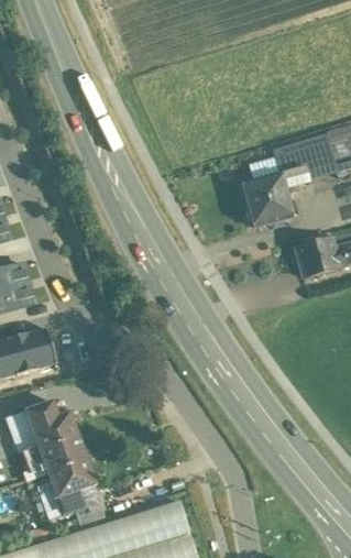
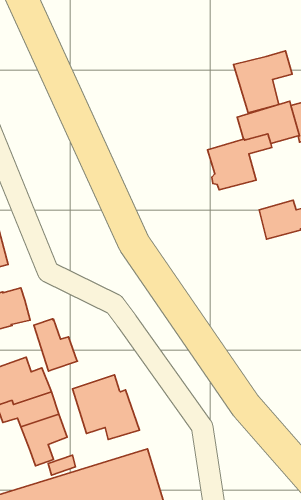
building: none -> [233,51,292,113]
building: none -> [34,319,77,371]
building: none -> [72,375,139,439]

